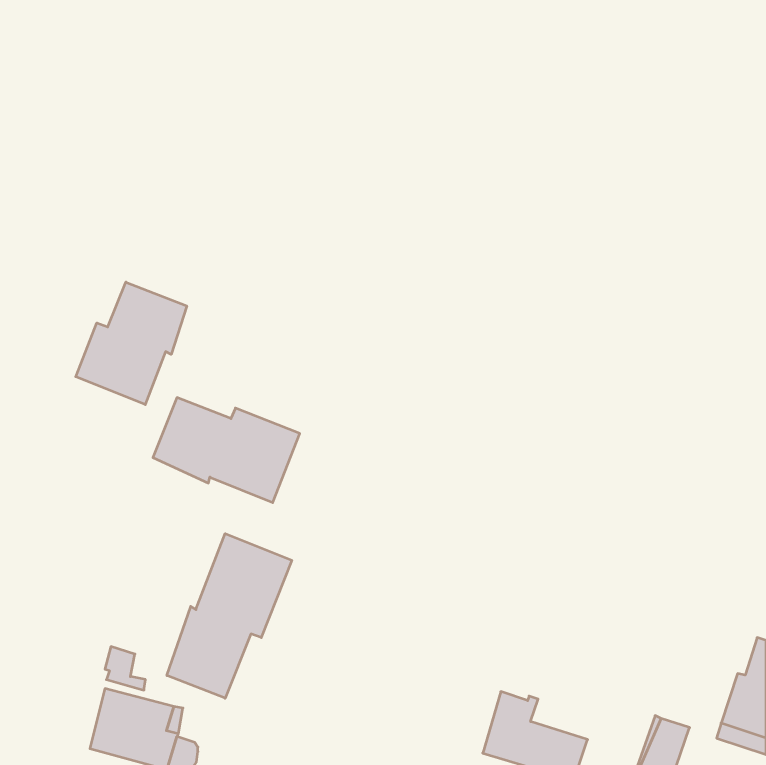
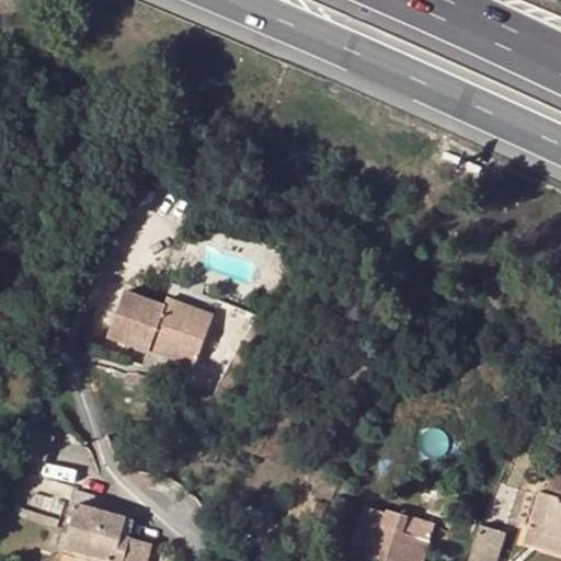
building: [76,282,187,405] -> none
building: [167,534,292,698] -> none

